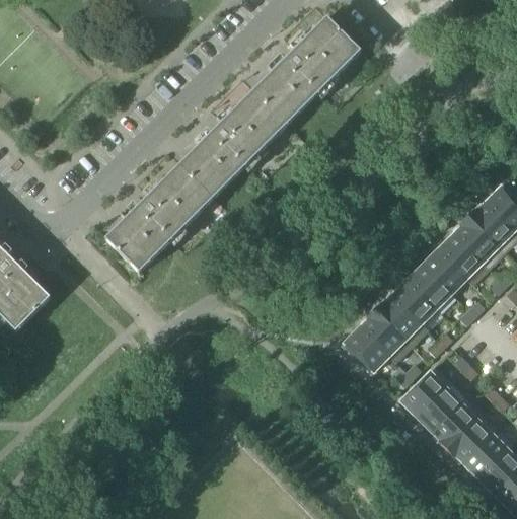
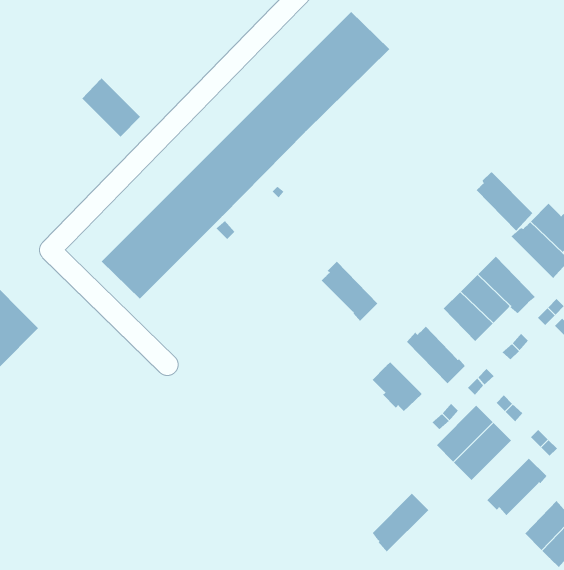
building: none -> [81,77,141,138]
building: [453,215,504,269] -> [476,171,533,231]
building: [391,279,435,323] -> none
building: [360,308,411,362] -> [321,261,378,322]
building: [432,395,483,448] -> [372,493,429,553]
building: [462,433,507,477] -> none

